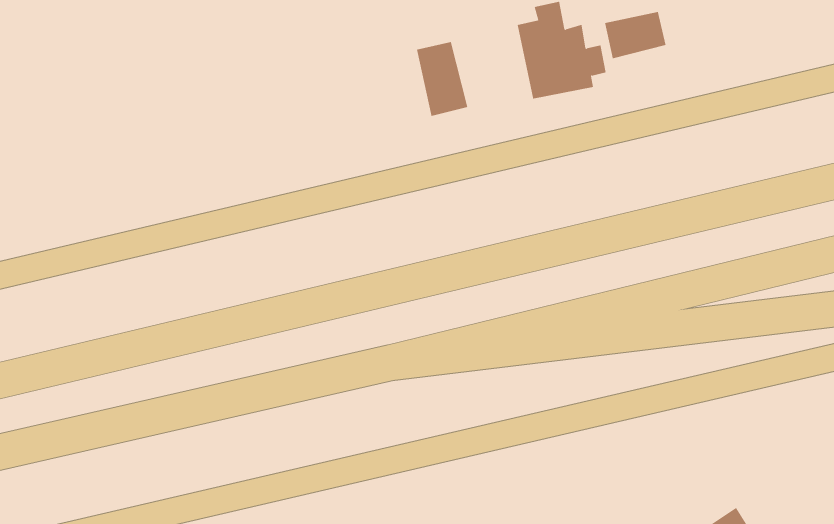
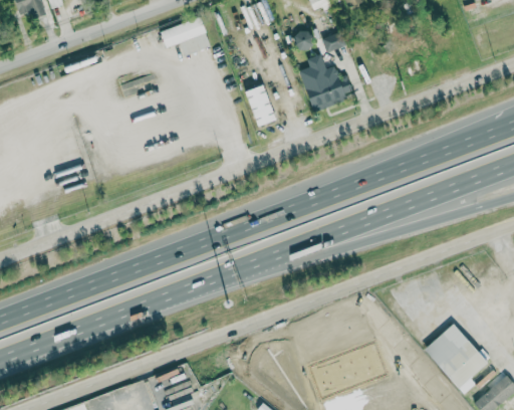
building: [605,11,666,59] -> none

